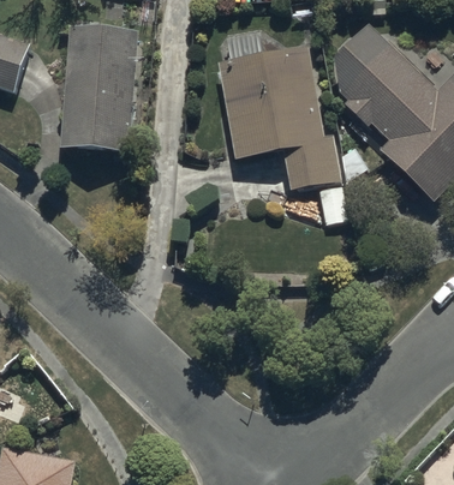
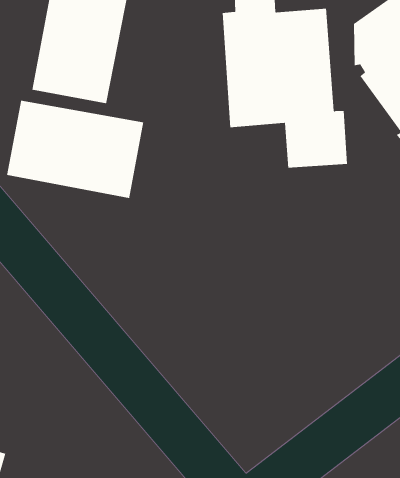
building: none -> [7,100,144,199]

